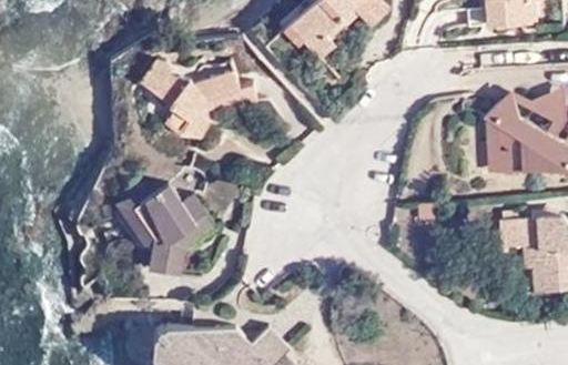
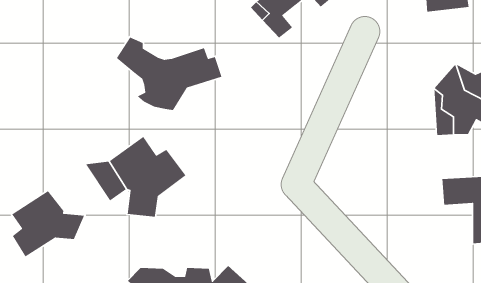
building: none -> [11,190,85,257]

